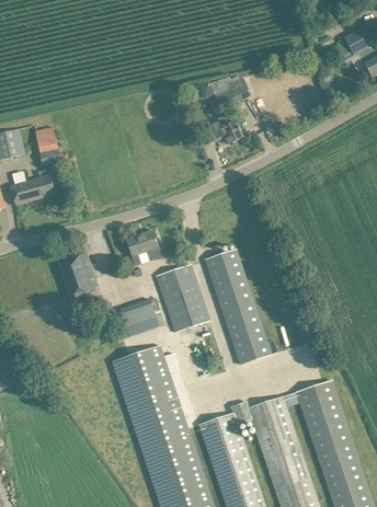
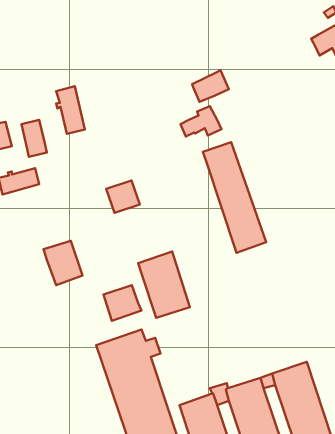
building: none -> [56,86,85,134]
building: [126,231,161,265] -> [106,180,140,213]
building: [205,250,271,365] -> [203,142,266,253]

